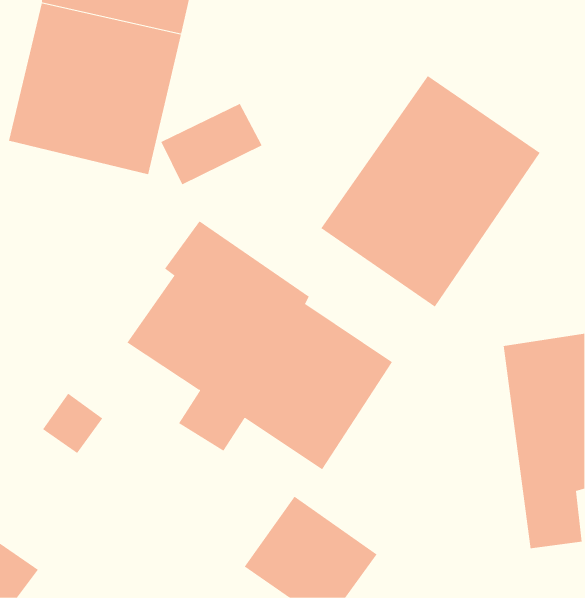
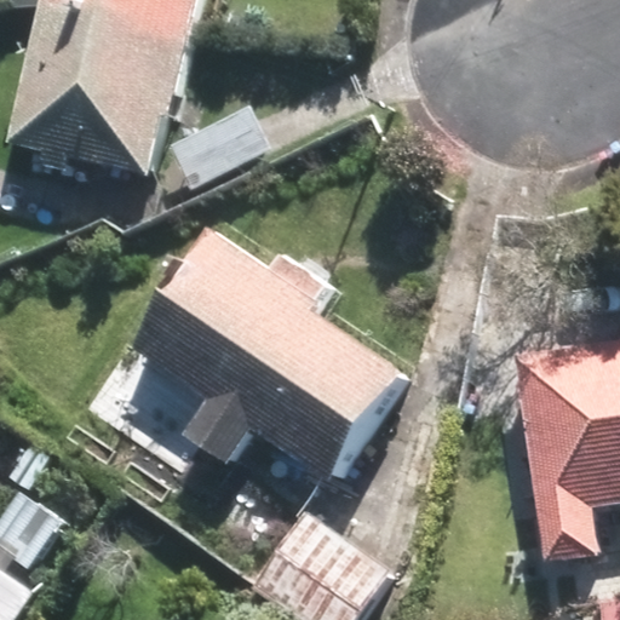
building: [320,75,541,308] -> none

